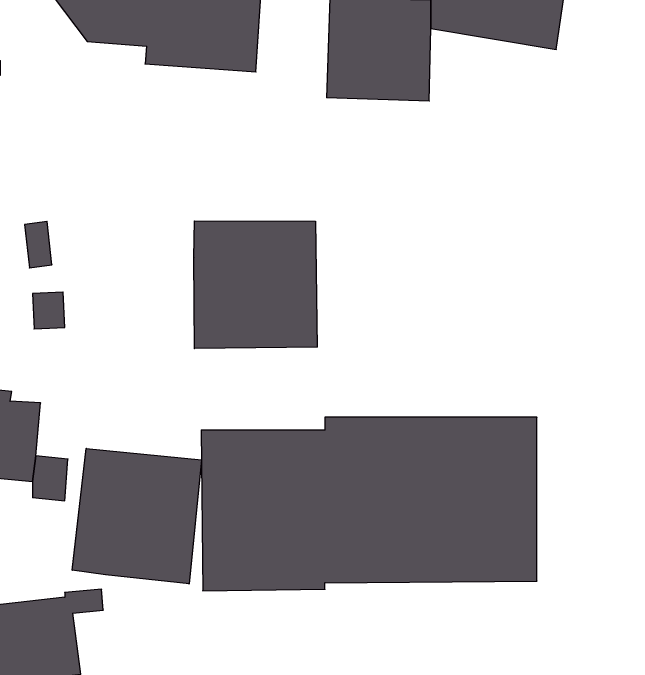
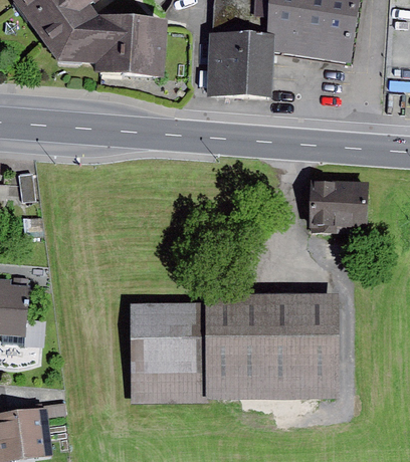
building: [194,221,317,349] -> none
building: none -> [309,182,367,233]
building: [72,448,202,584] -> none

